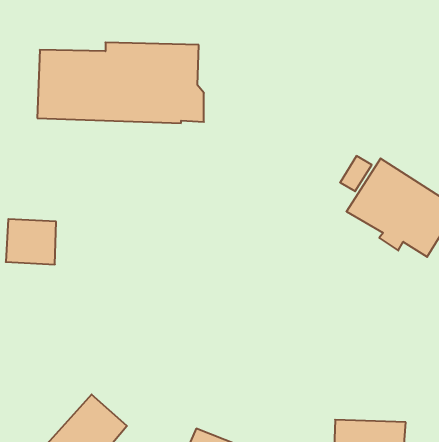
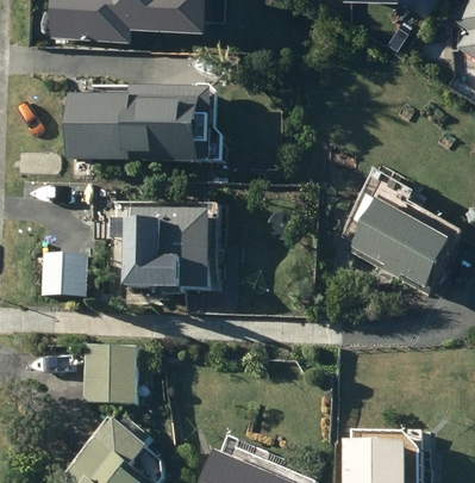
building: none -> [125,204,229,305]
building: none -> [80,343,137,402]

